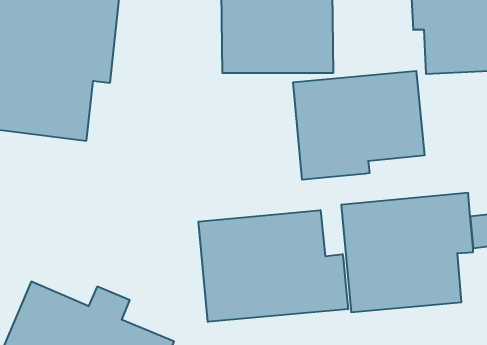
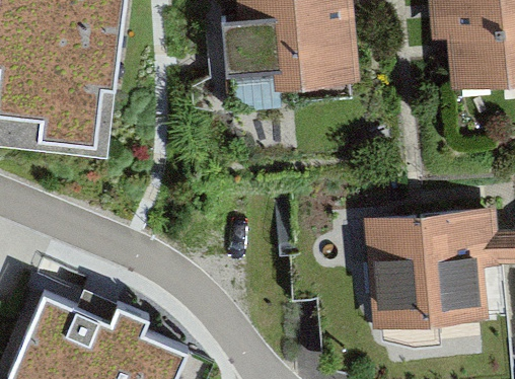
building: [293,71,424,180] -> none
building: [199,210,348,322] -> none

